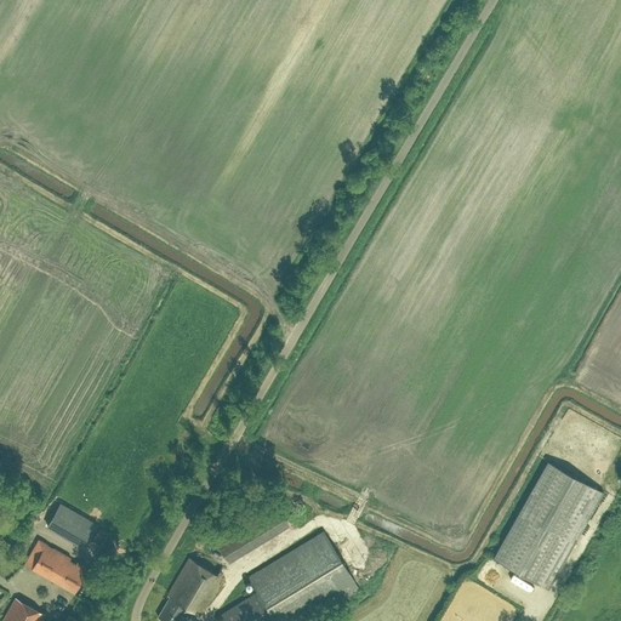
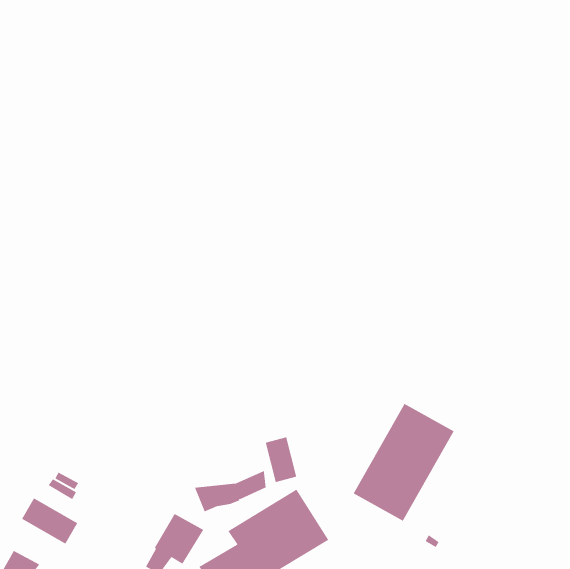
building: [492,462,603,591] -> [353,403,454,521]
building: none -> [265,437,297,483]

